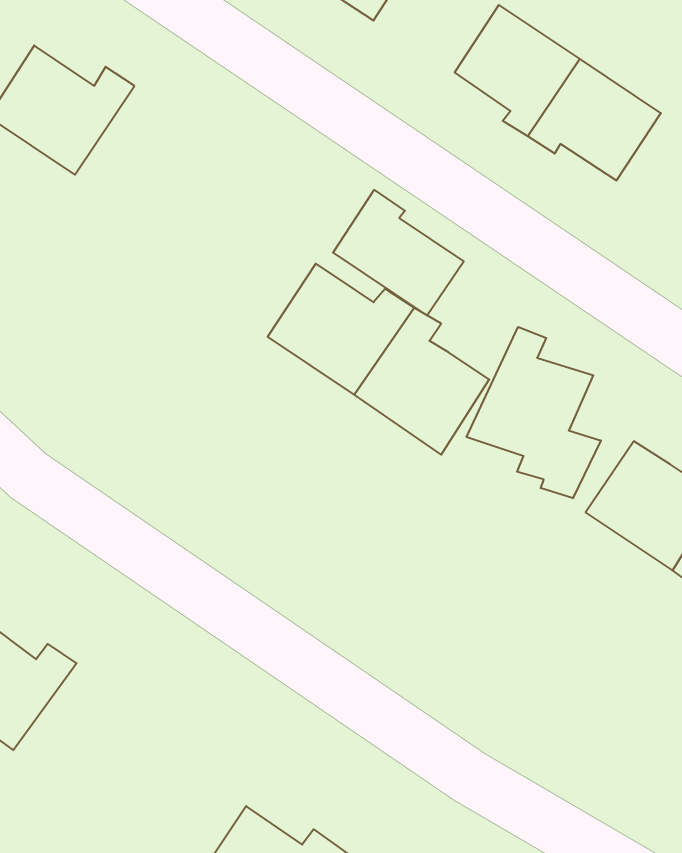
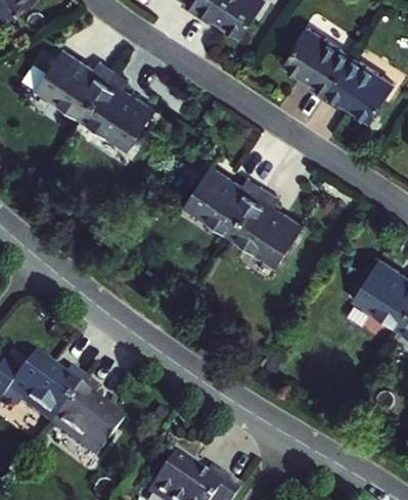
building: none -> [82,71,154,148]
building: [333,190,464,315] -> none
building: [467,327,601,498] -> none
building: none -> [49,376,122,456]

